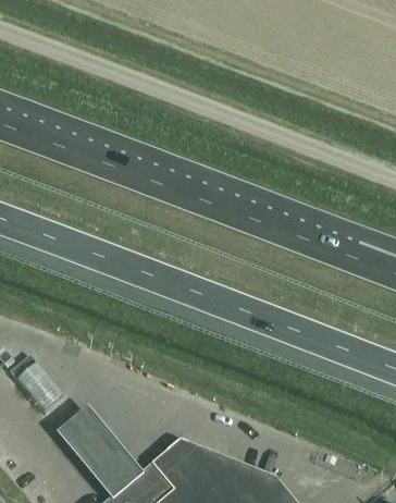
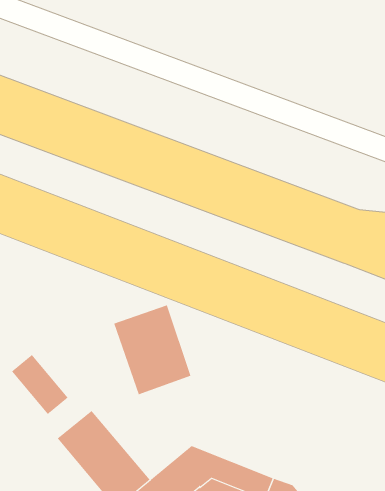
building: none -> [113,304,191,395]

